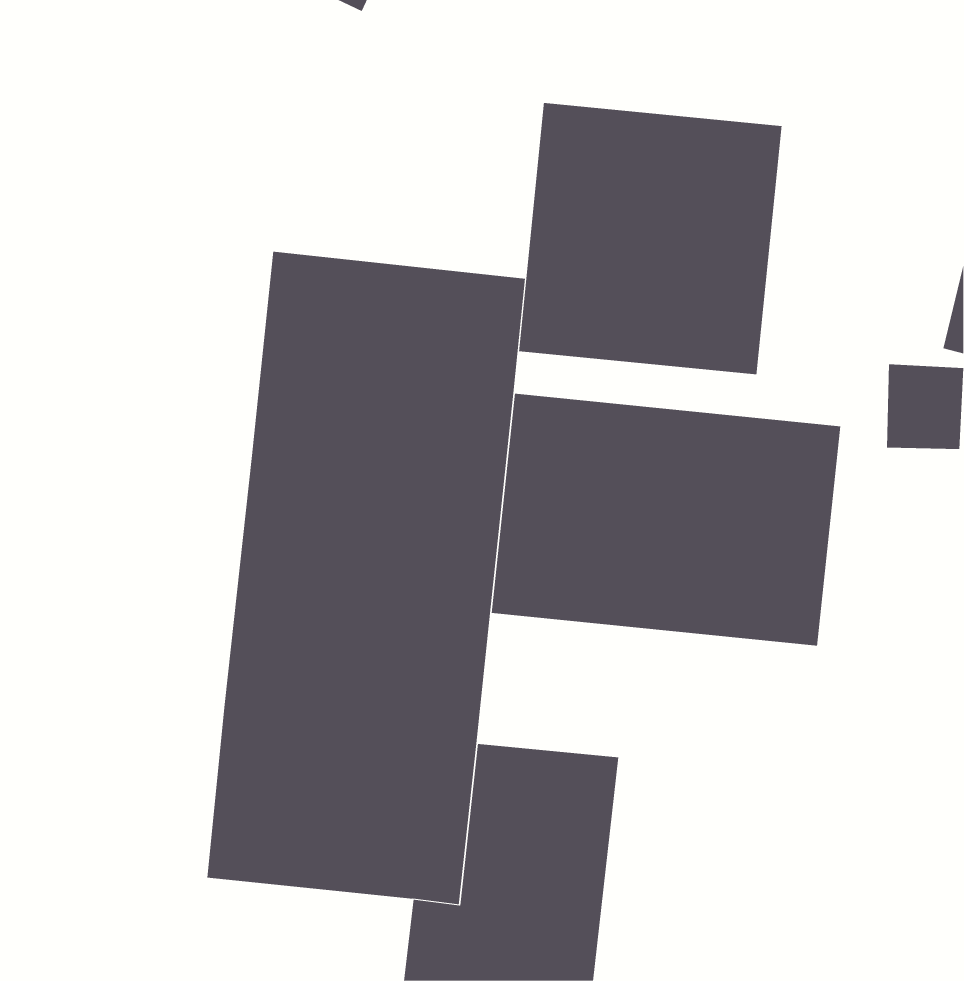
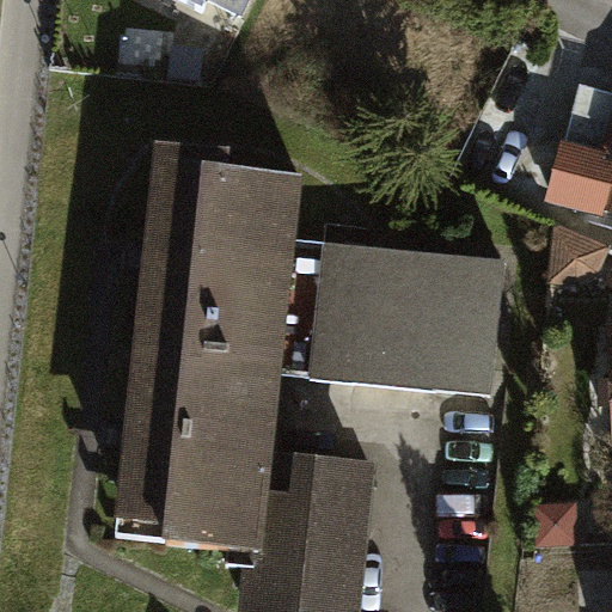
building: [518,102,782,375] -> none

